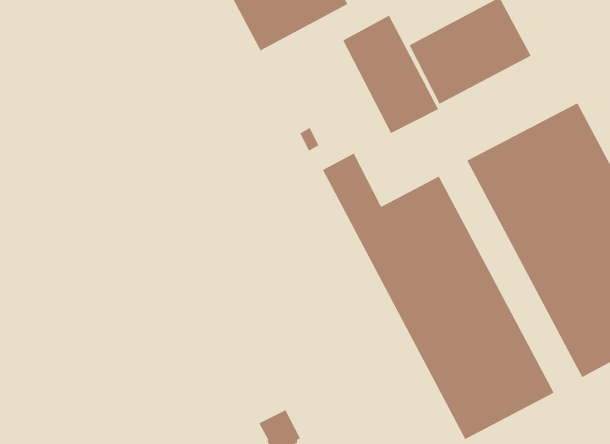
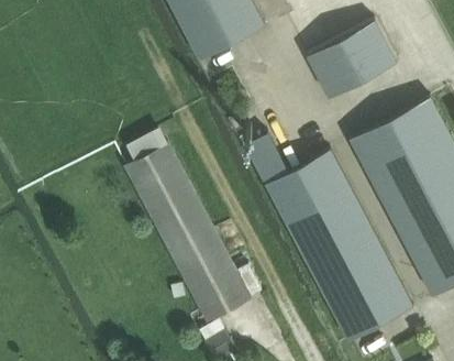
building: [342,15,439,134] -> none
building: none -> [125,129,251,324]

